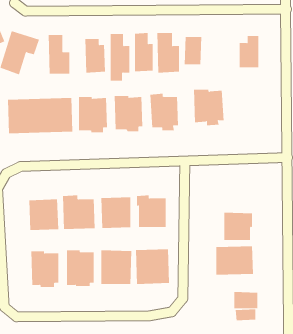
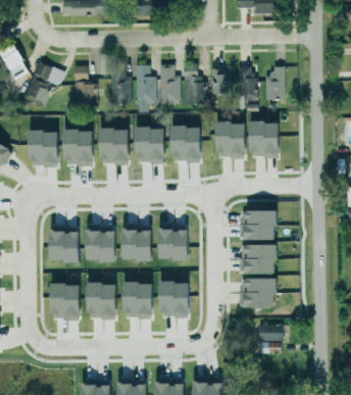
building: none -> [236,65,254,96]
building: none -> [250,119,283,159]
building: none -> [246,210,279,239]

